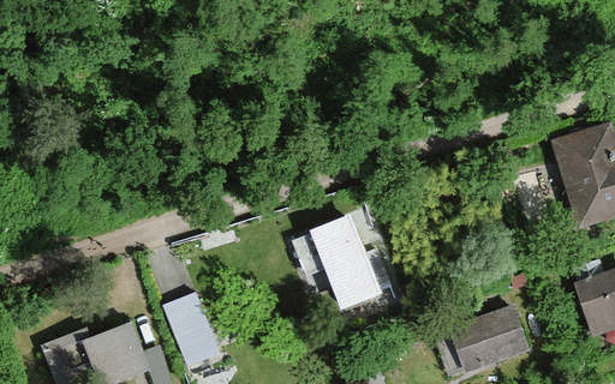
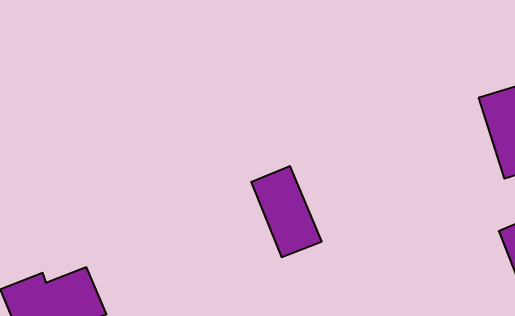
building: [161,292,219,367] -> none
building: [450,306,523,368] -> none

